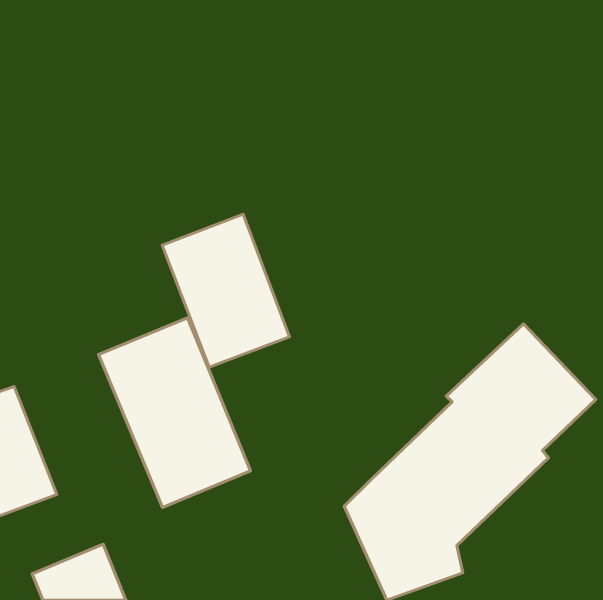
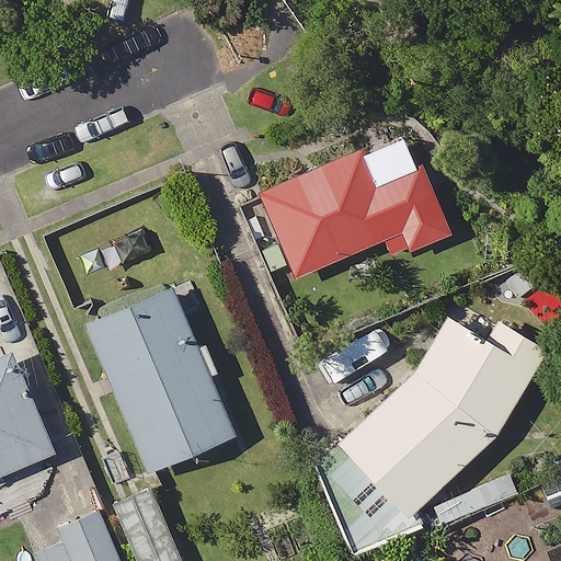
building: none -> [262,153,451,276]
building: [162,214,289,367] -> none

